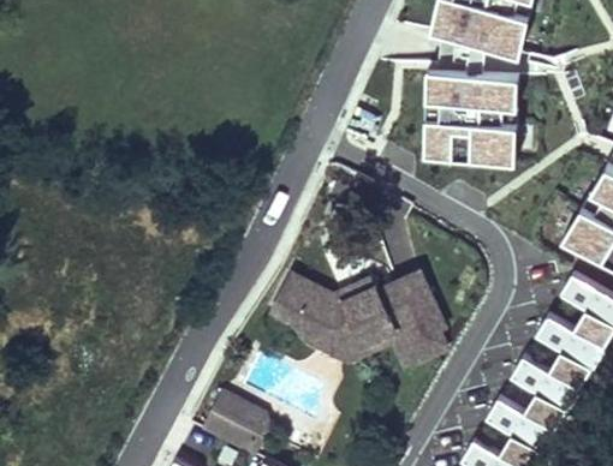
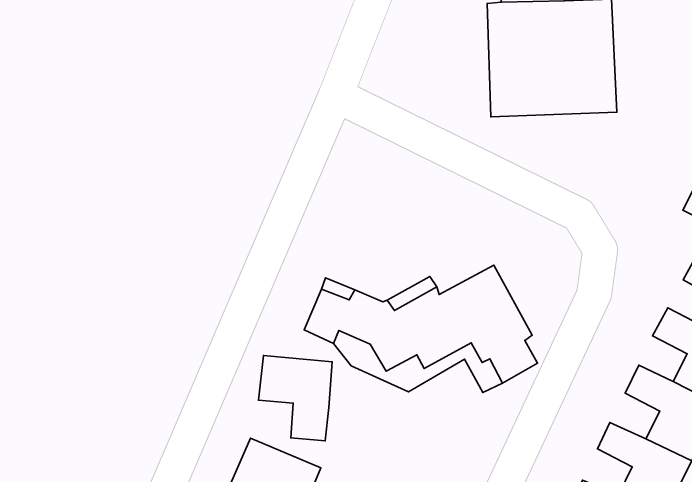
building: none -> [259,355,332,441]

